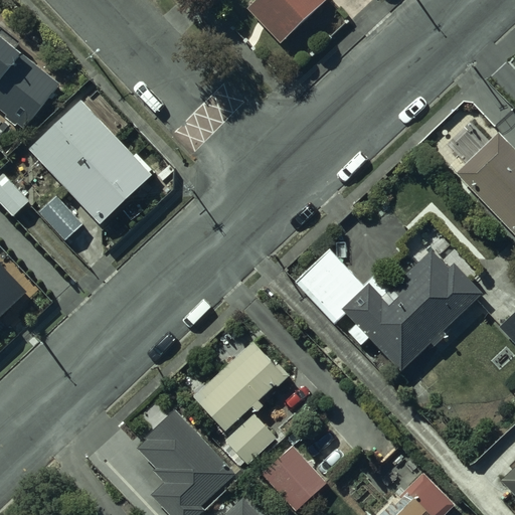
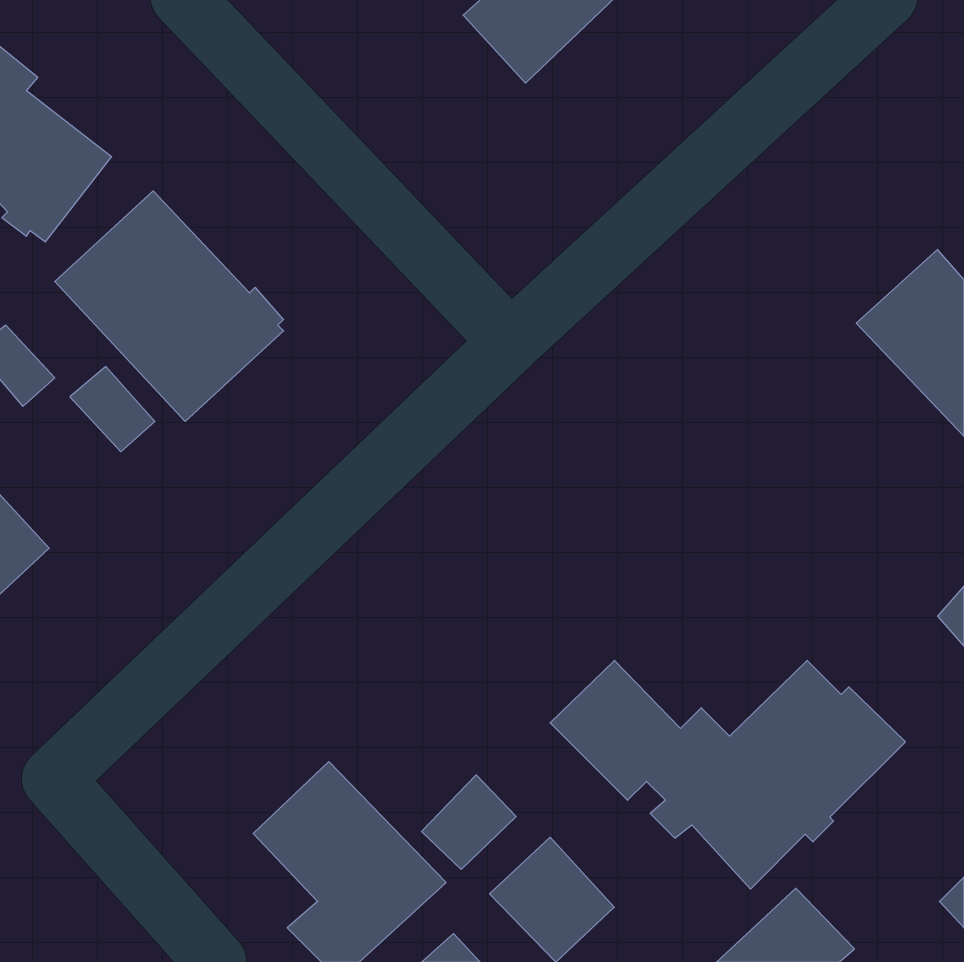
building: [294,249,483,371] -> [550,660,905,889]
building: [192,341,290,431] -> none

